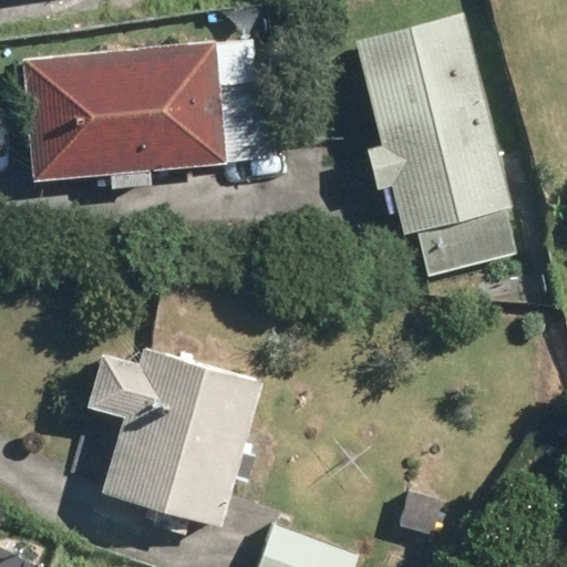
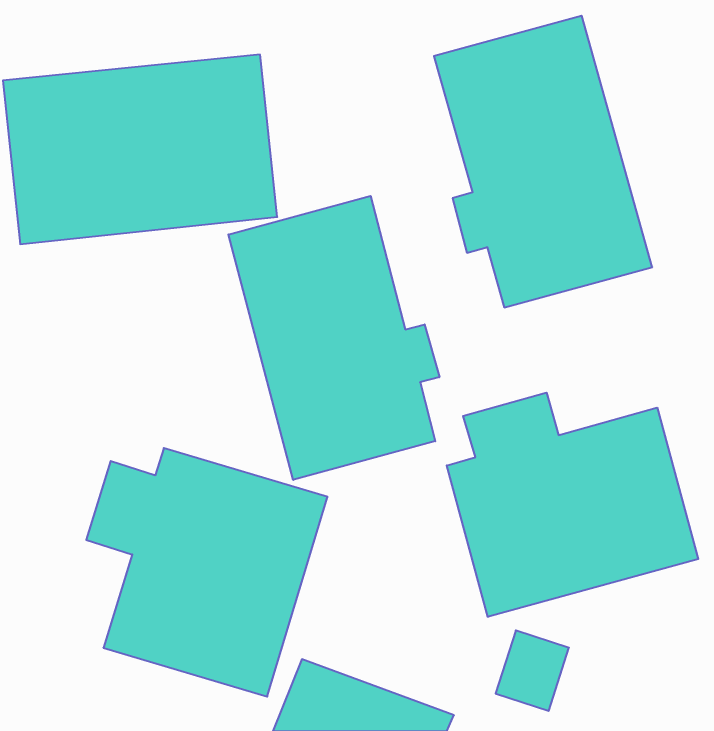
building: none -> [228,196,439,480]
building: none -> [447,393,698,617]

